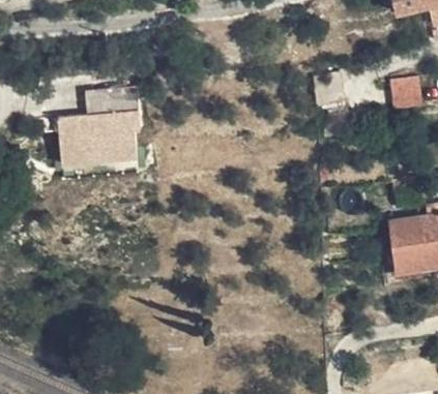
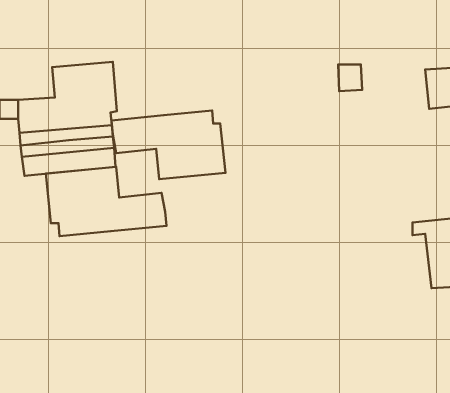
building: none -> [111,111,225,179]
building: none -> [46,167,166,236]

